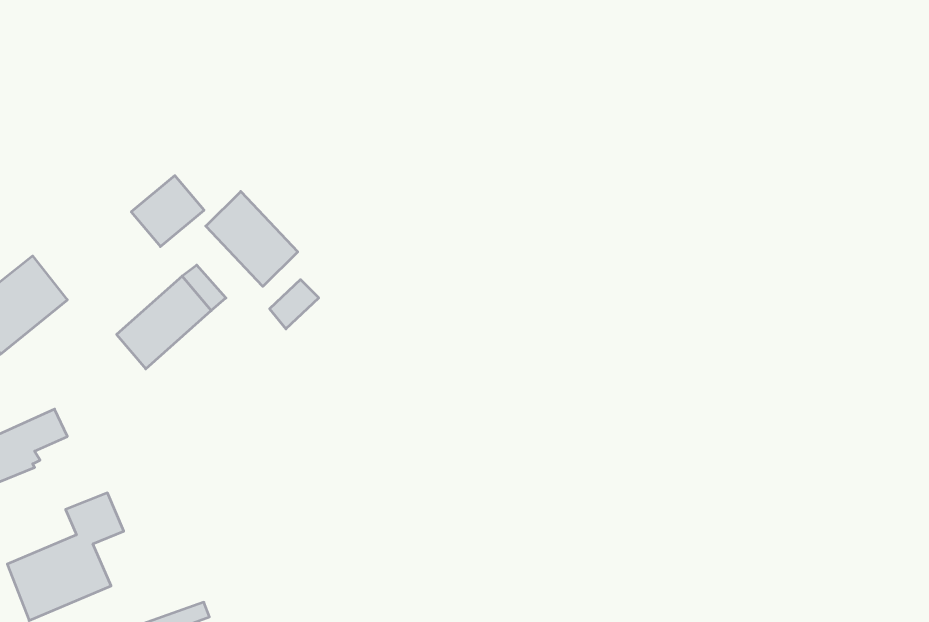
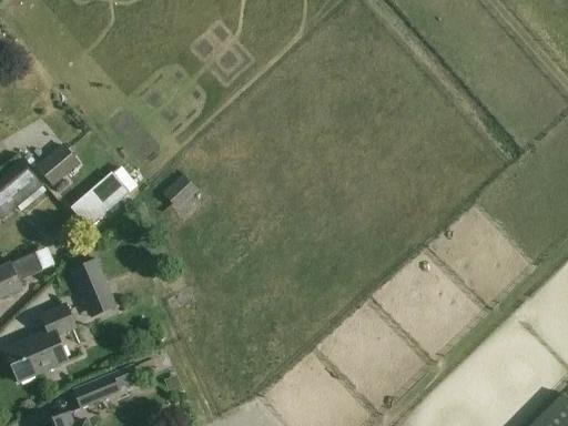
building: [131,176,204,247] -> [37,143,81,186]
building: [206,191,298,286] -> none
building: none -> [72,260,115,317]

